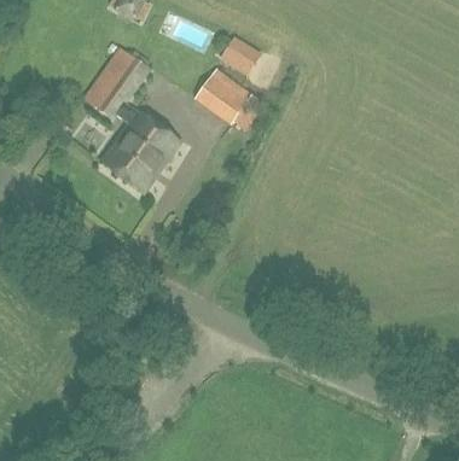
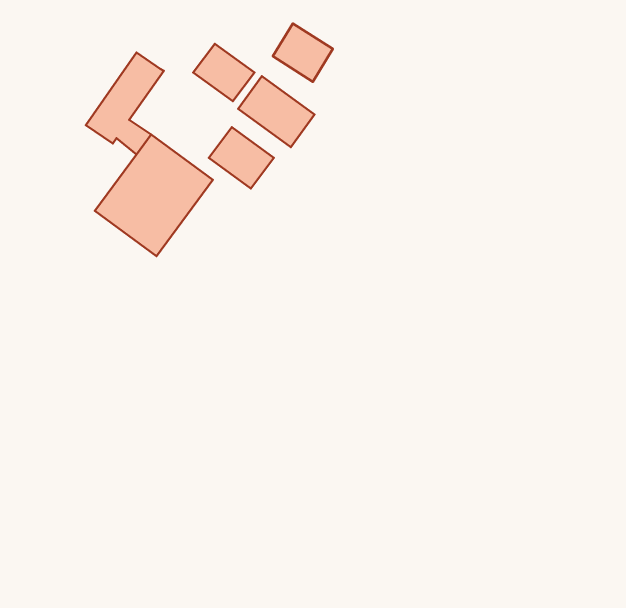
building: none -> [193,44,254,101]
building: none -> [209,127,274,188]

